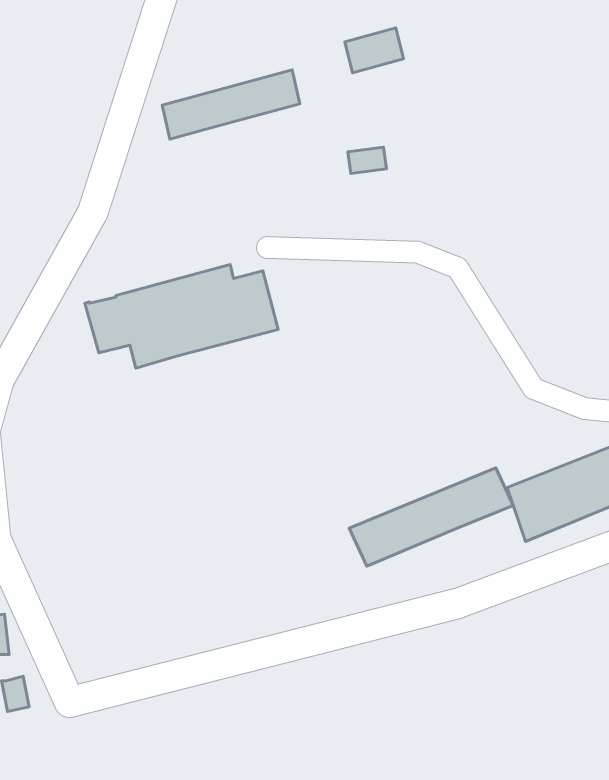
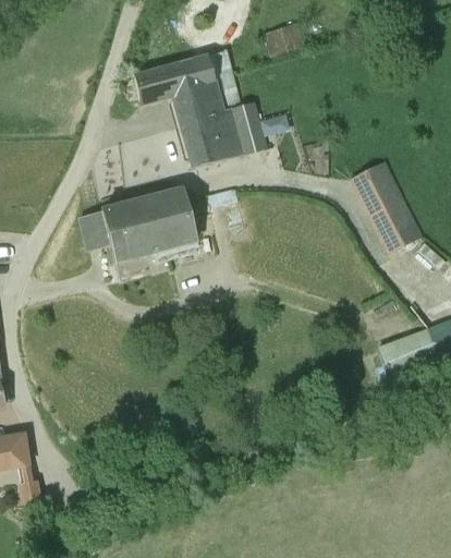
building: none -> [173,76,264,168]
building: none -> [351,162,420,253]
building: [349,468,513,566] -> none

